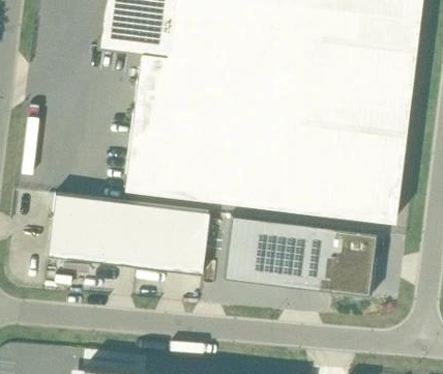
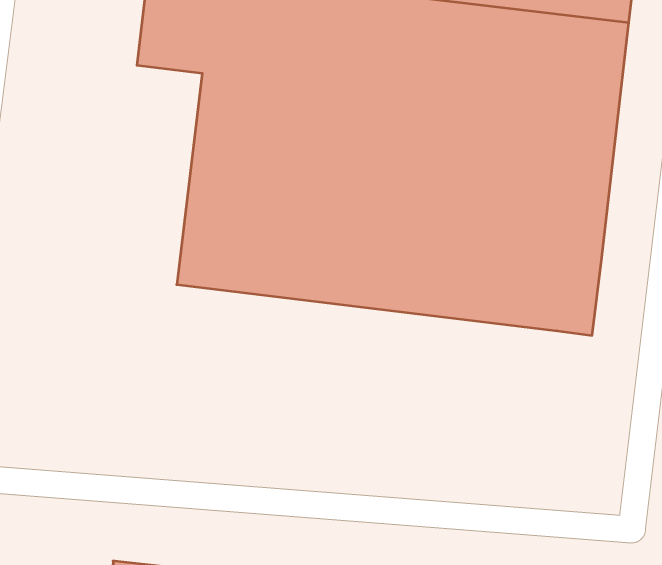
building: [49,195,211,277] -> none
building: [224,217,376,298] -> none

